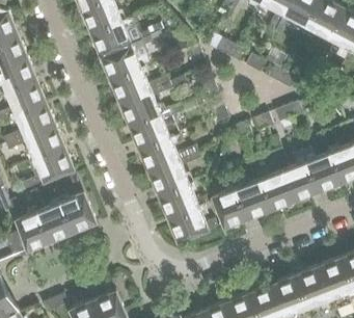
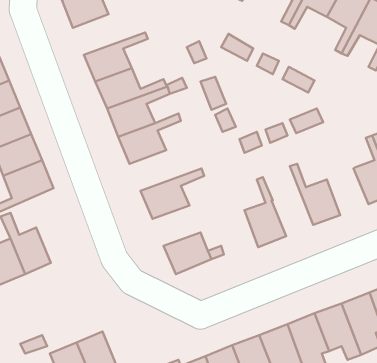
building: [90,21,152,55] -> none
building: [305,132,341,191] -> none
building: [138,136,199,170] -> none
building: [258,150,294,209] -> none
building: [59,173,96,232] -> none
building: [158,183,198,217] -> none
building: [212,187,247,228] -> none

